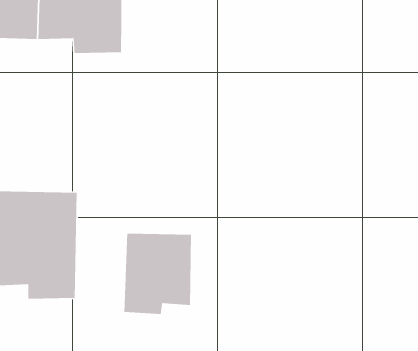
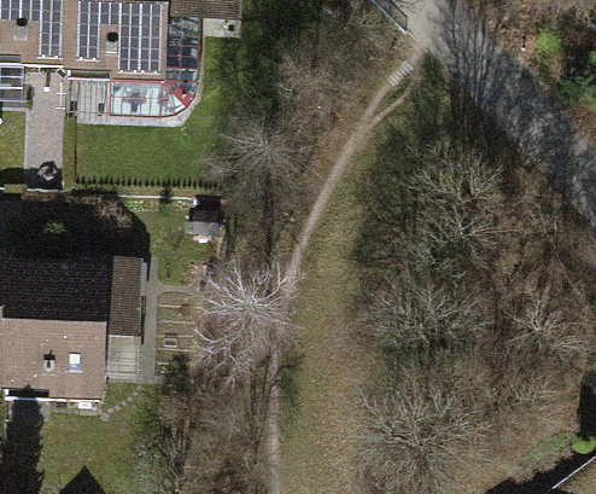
building: [124,233,192,315] -> none

